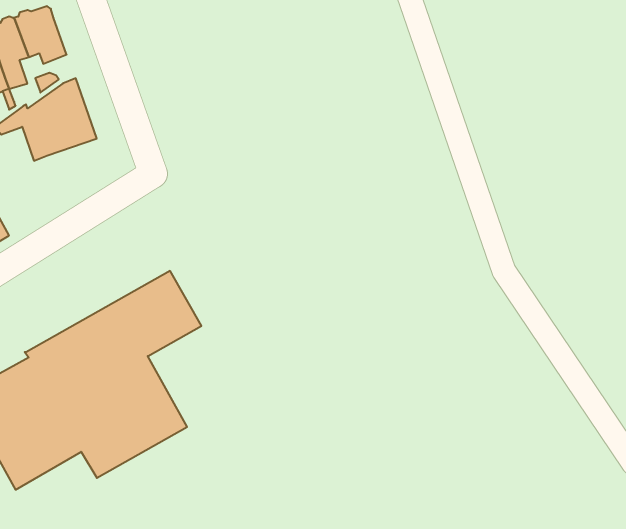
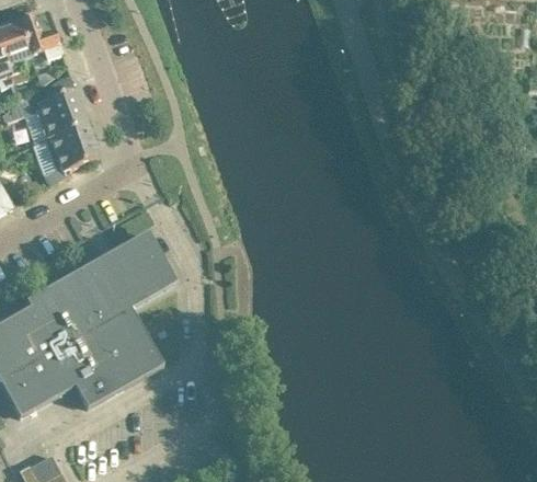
building: none -> [32,123,99,184]

